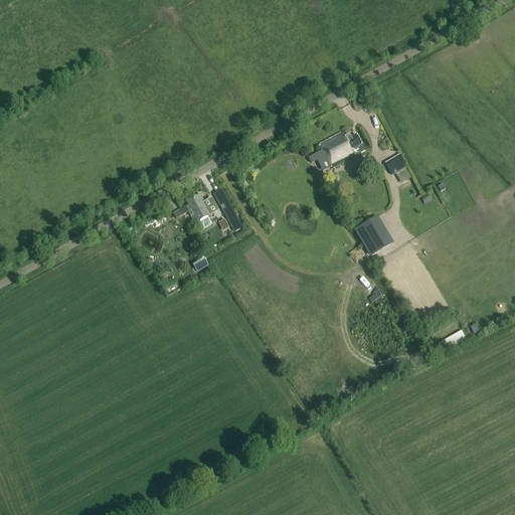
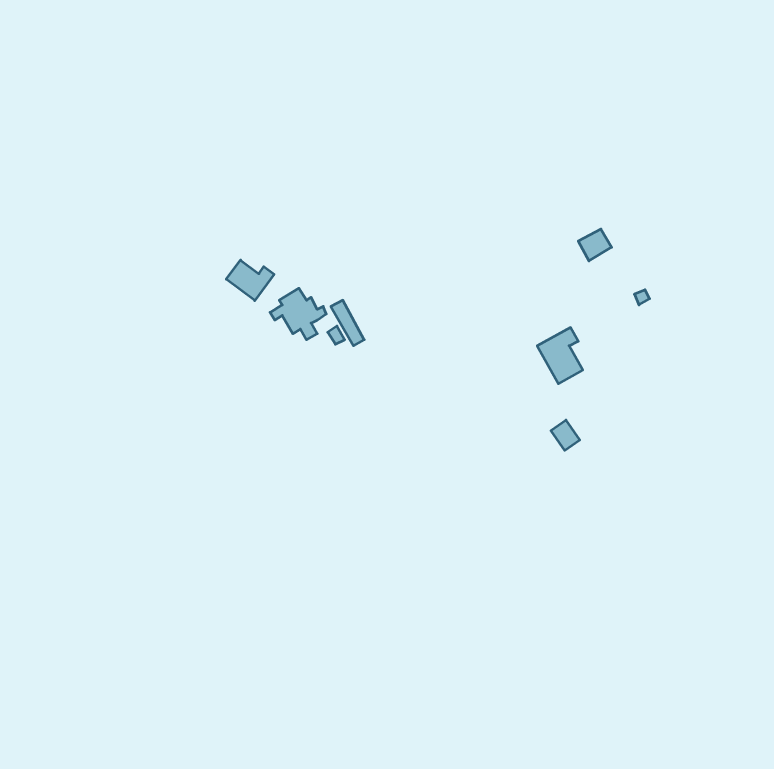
building: [318,129,364,166] -> none
building: none -> [226,260,274,301]

